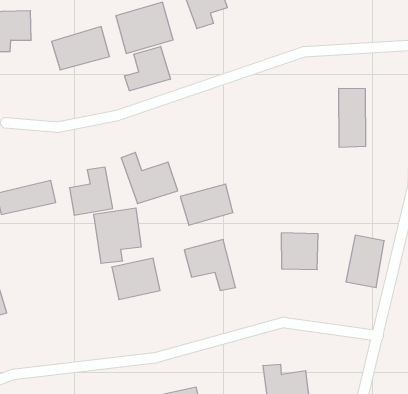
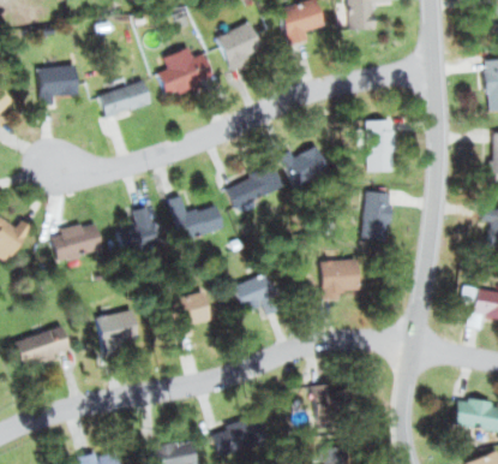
building: [125,46,170,91] -> none
building: none -> [282,142,329,183]
building: [180,184,233,225] -> [223,162,274,203]
building: [94,208,141,263] -> [92,304,139,358]
building: [346,235,384,288] -> [359,190,392,238]

